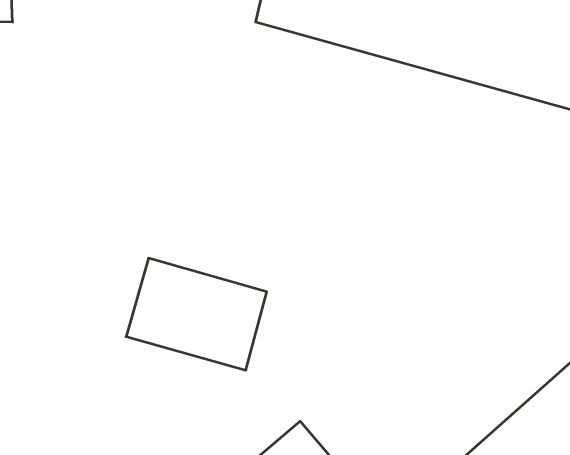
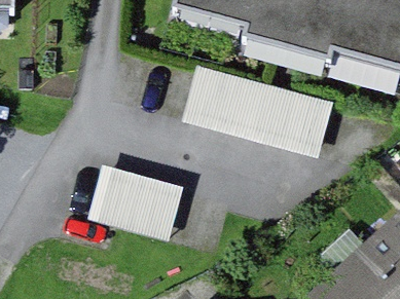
building: none -> [183,68,329,157]

